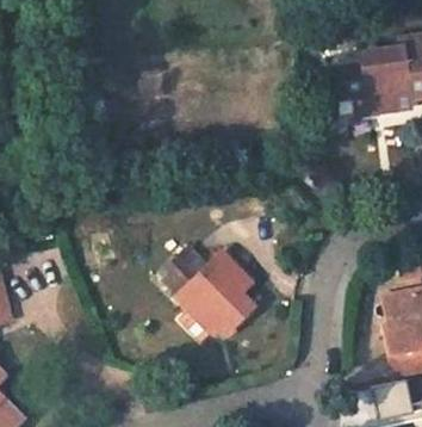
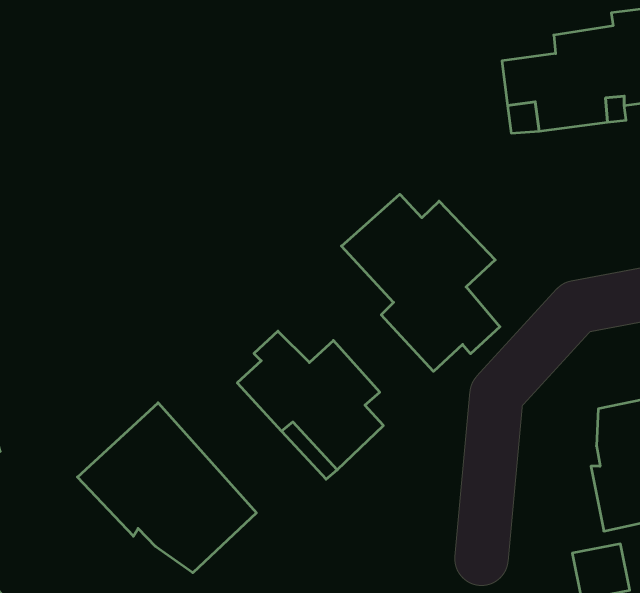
building: none -> [341,194,500,371]
building: none -> [77,403,256,573]

